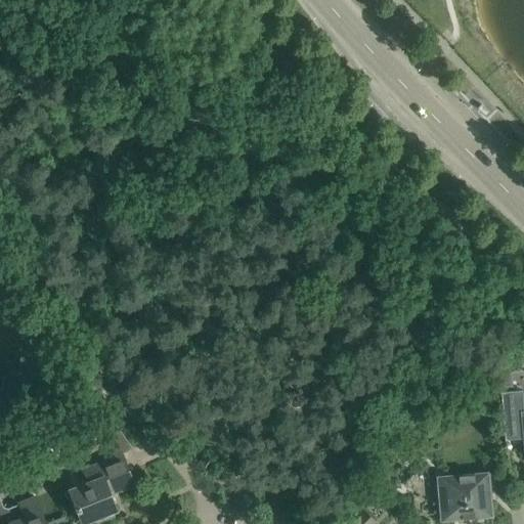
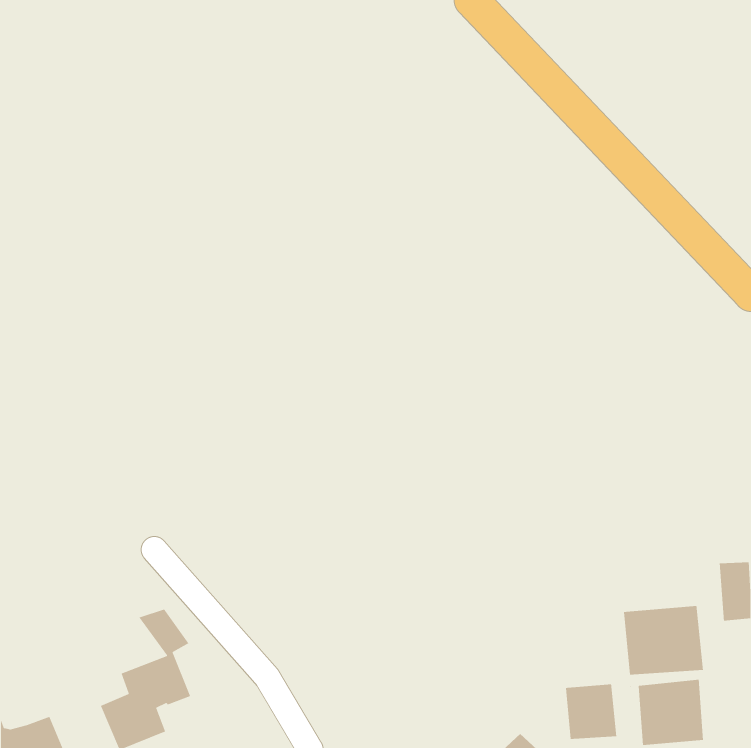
building: none -> [614,605,704,676]
building: none -> [559,683,617,740]

